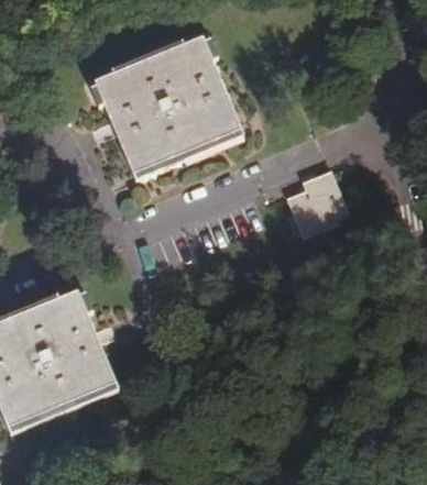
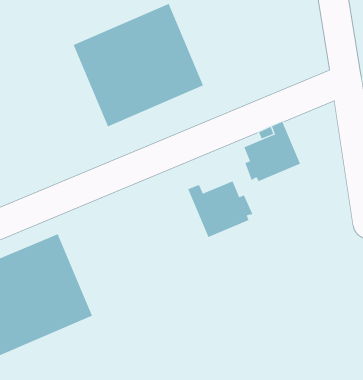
building: none -> [188,180,253,238]

